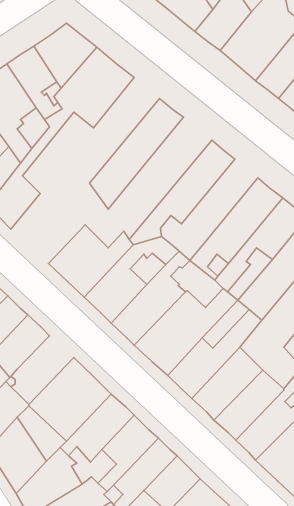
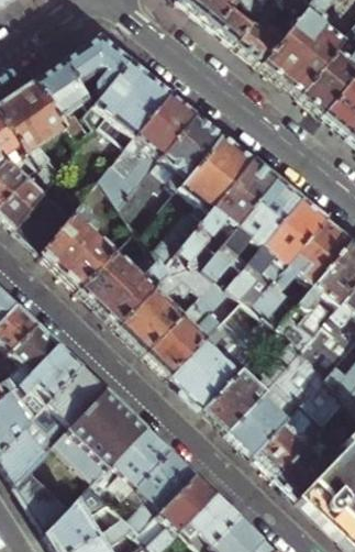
building: none -> [103,92,197,203]
building: none -> [155,134,252,263]
building: none -> [206,178,300,274]
building: none -> [41,196,119,288]
building: none -> [47,364,107,437]

